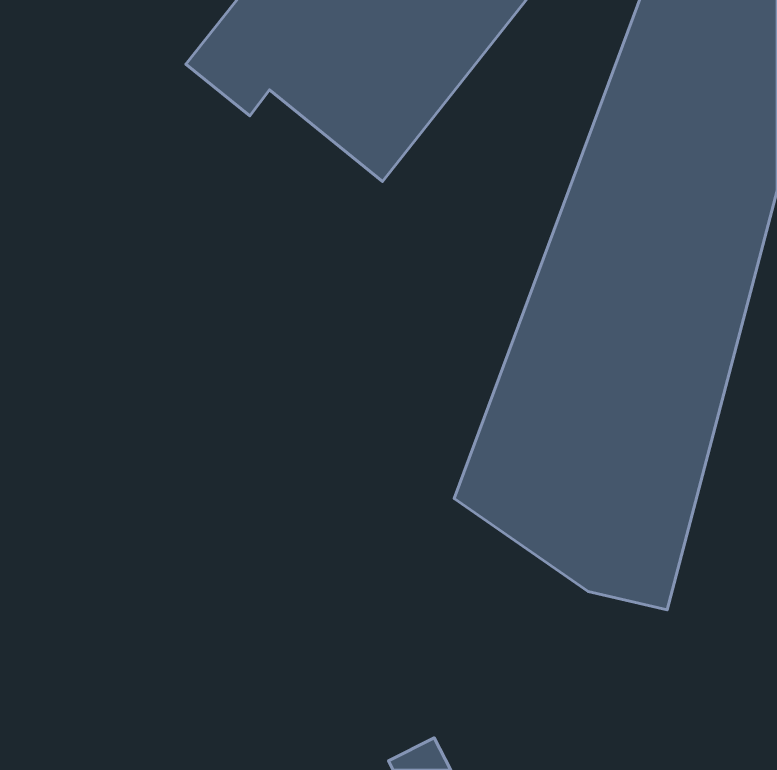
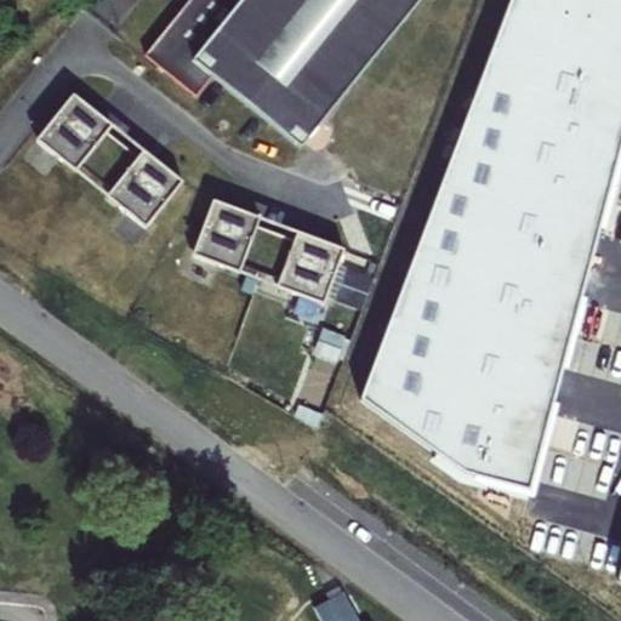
building: none -> [38,98,186,226]
building: none -> [196,196,348,300]

